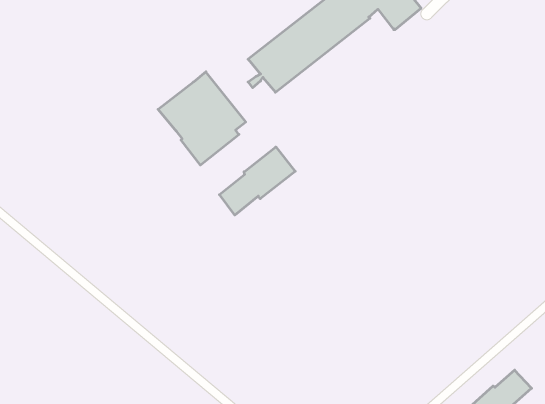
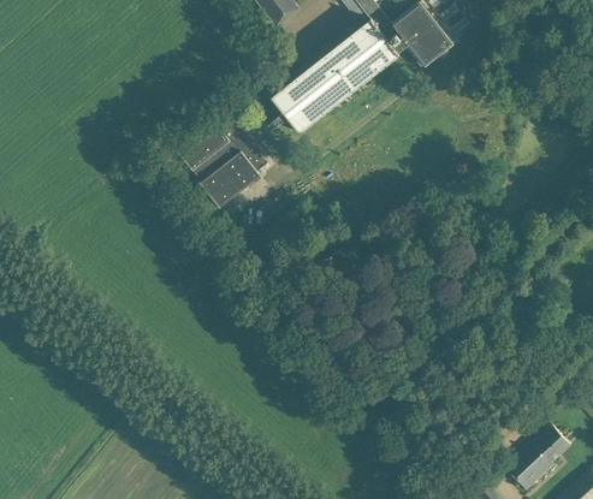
building: [219,147,295,215] -> none

